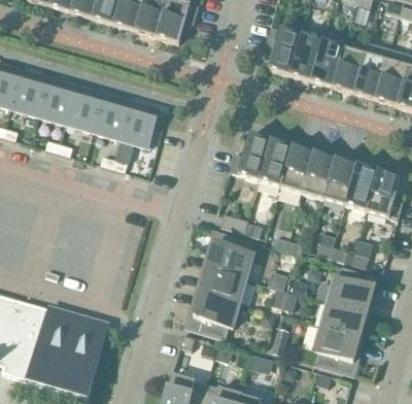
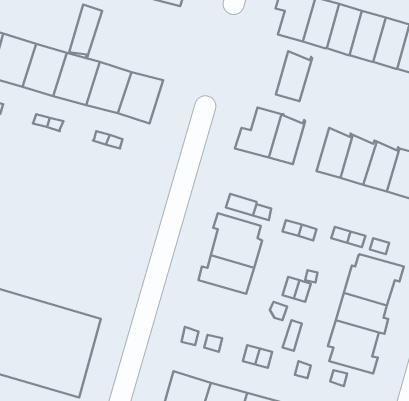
building: none -> [69,5,102,58]
building: [281,146,314,192] -> [276,51,312,101]
building: [185,292,239,338] -> none

